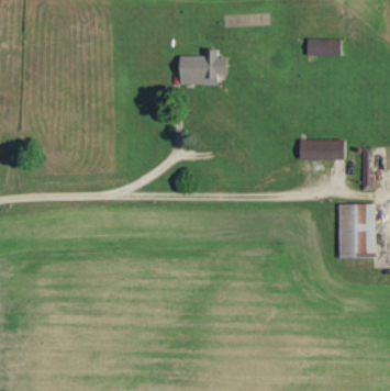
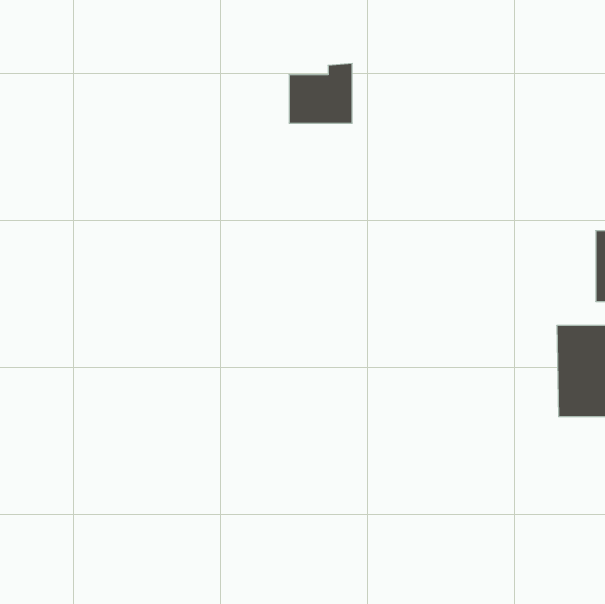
building: [307,37,341,55] -> none
building: [300,138,345,159] -> none

